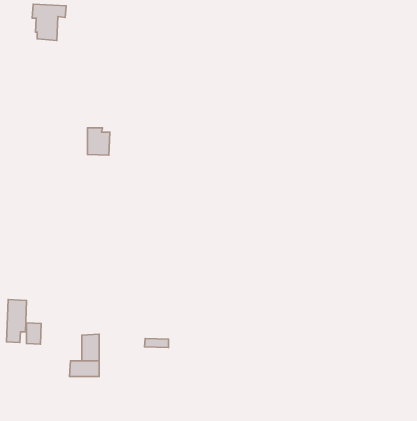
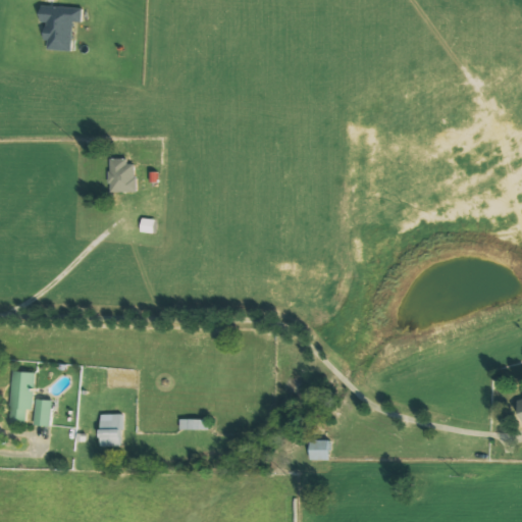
building: none -> [310,439,330,460]
building: [70,361,99,376] -> none

